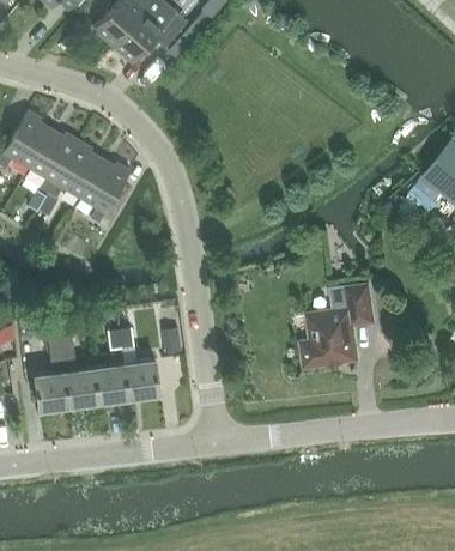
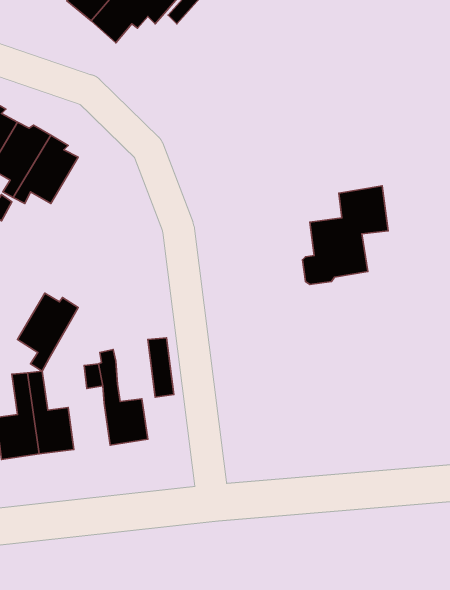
building: [80,161,131,225] -> [17,293,78,371]
building: [303,285,374,367] -> [303,186,388,284]
building: [95,364,129,402] -> none

